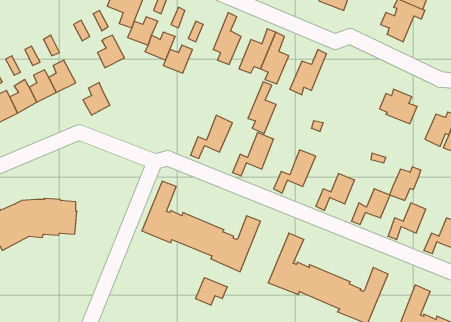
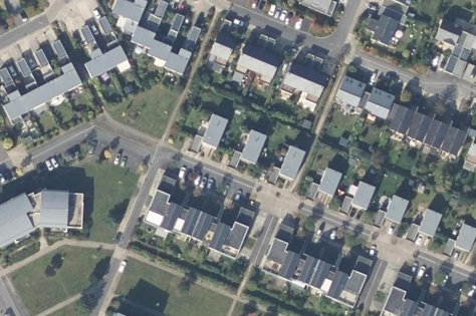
building: none -> [336,77,371,108]
building: [248,82,276,134] -> [301,55,327,103]
building: [83,83,110,115] -> [84,47,109,77]
building: [390,167,421,200] -> [390,102,419,133]
building: [195,278,227,305] -> none

